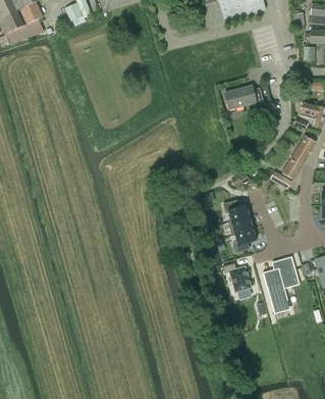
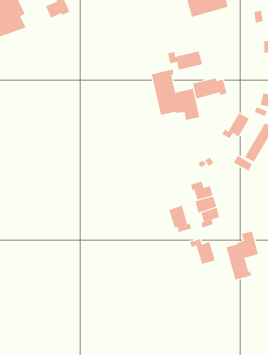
building: none -> [167,50,203,70]
building: none -> [151,68,200,121]
building: none -> [221,113,249,139]
building: none -> [168,205,192,233]

